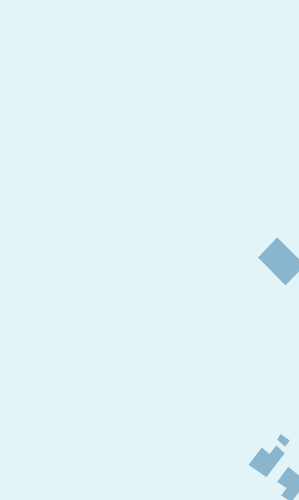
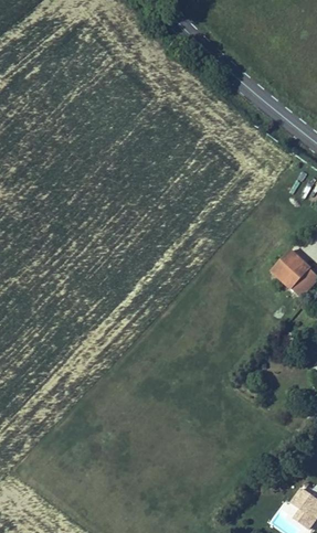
building: [248,445,285,478] -> none

